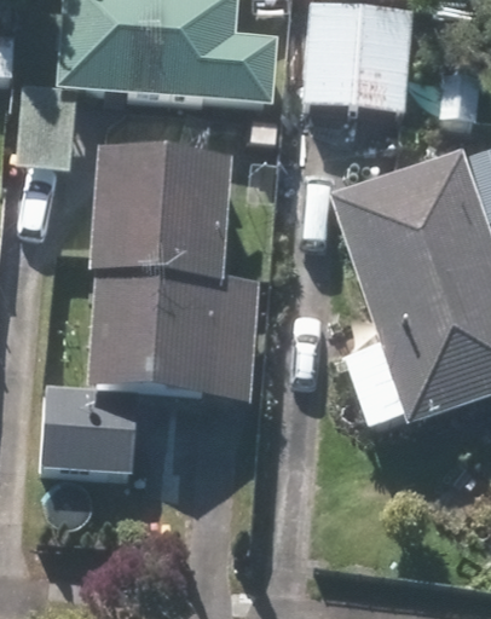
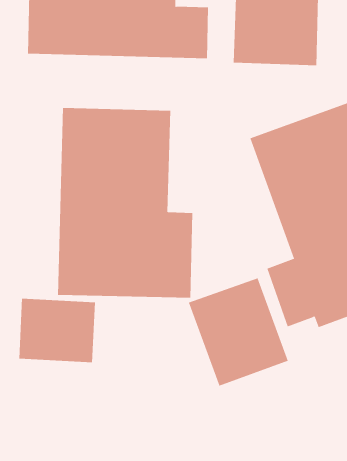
building: none -> [188,278,289,387]

